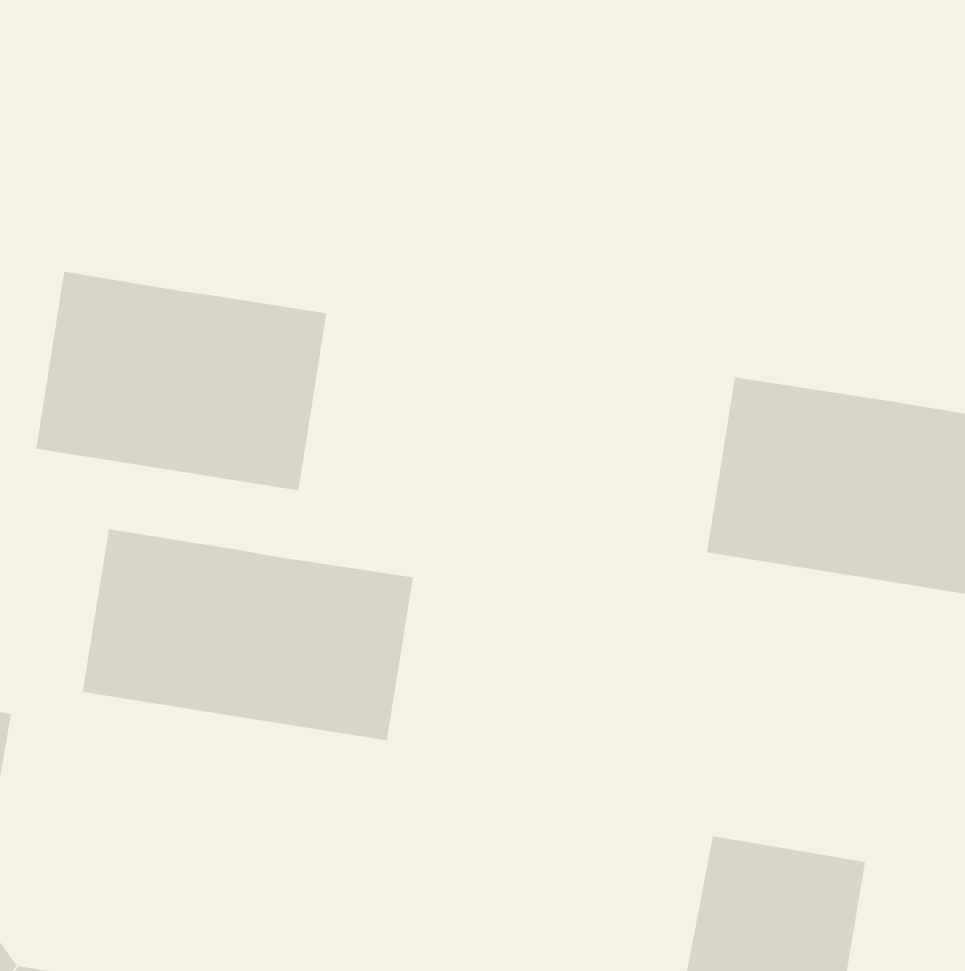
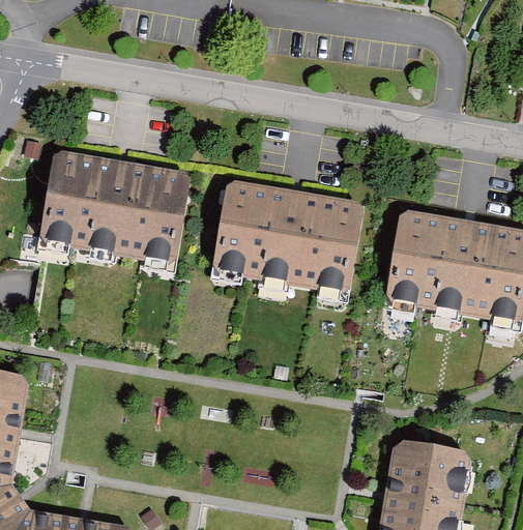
building: none -> [210,178,360,291]
building: [82,528,414,741] -> none

